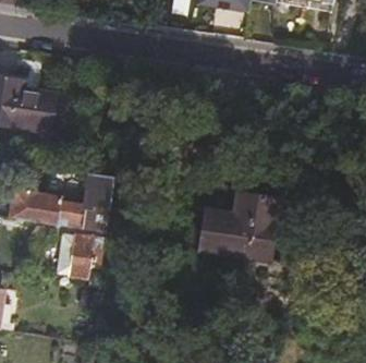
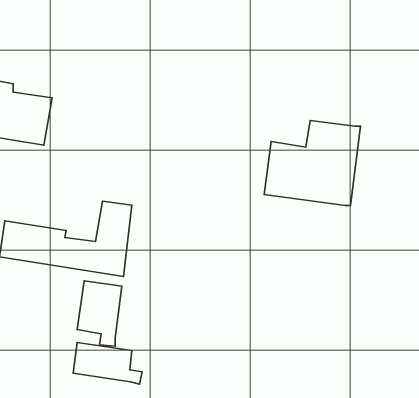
building: [202,190,277,256] -> [264,121,360,206]
building: none -> [73,343,142,384]

